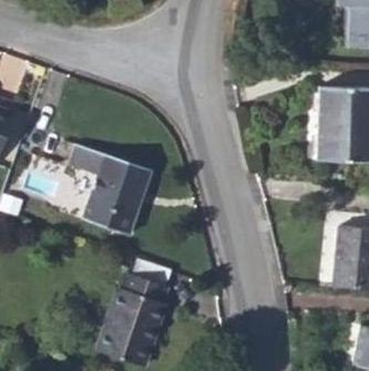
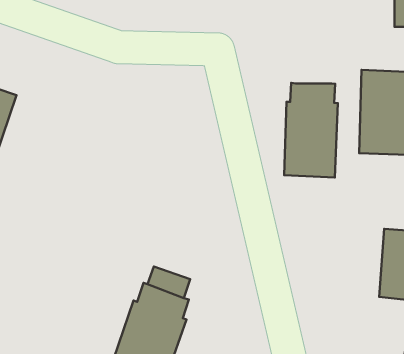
building: none -> [284,83,338,178]
building: [69,144,151,235] -> none

